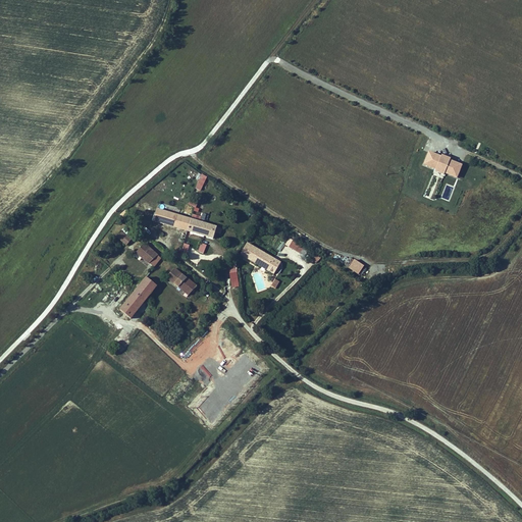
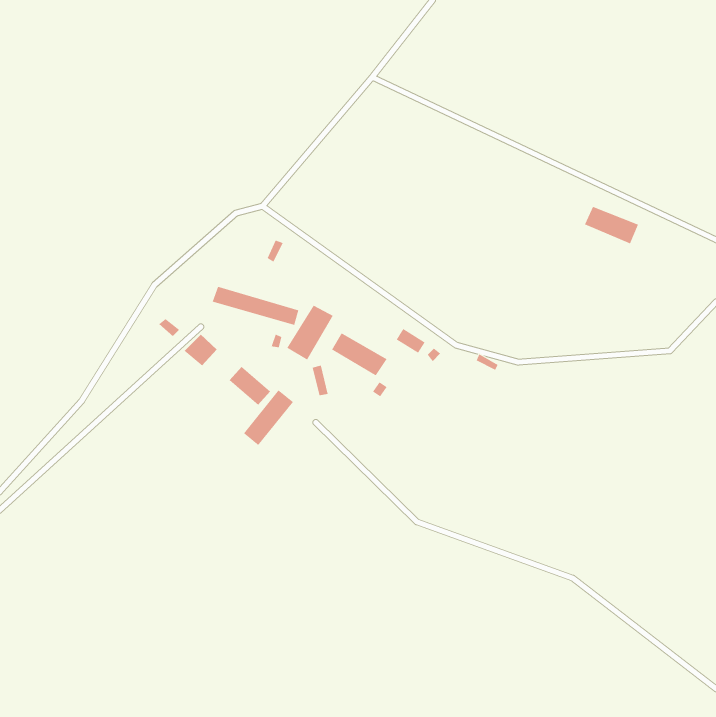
building: none -> [286,305,333,360]
building: [121,276,158,317] -> [243,390,294,446]

